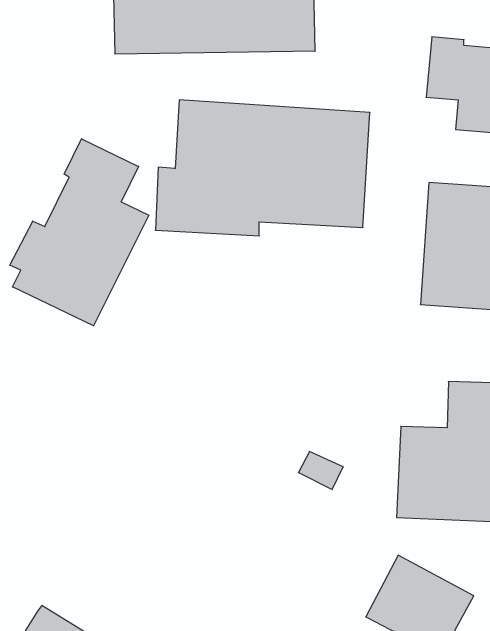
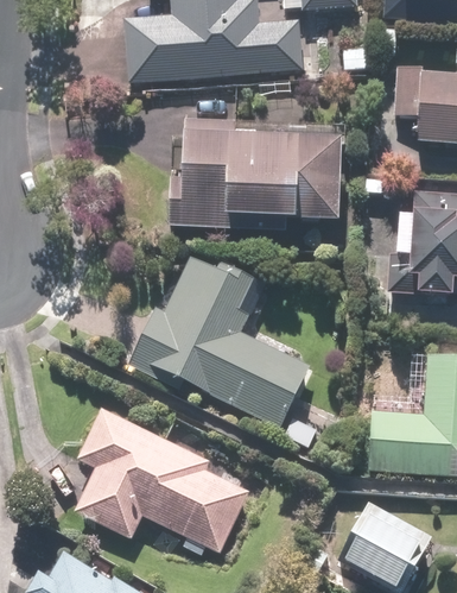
building: [10,139,149,326] -> none
building: none -> [133,246,311,428]
building: none -> [75,406,248,553]

